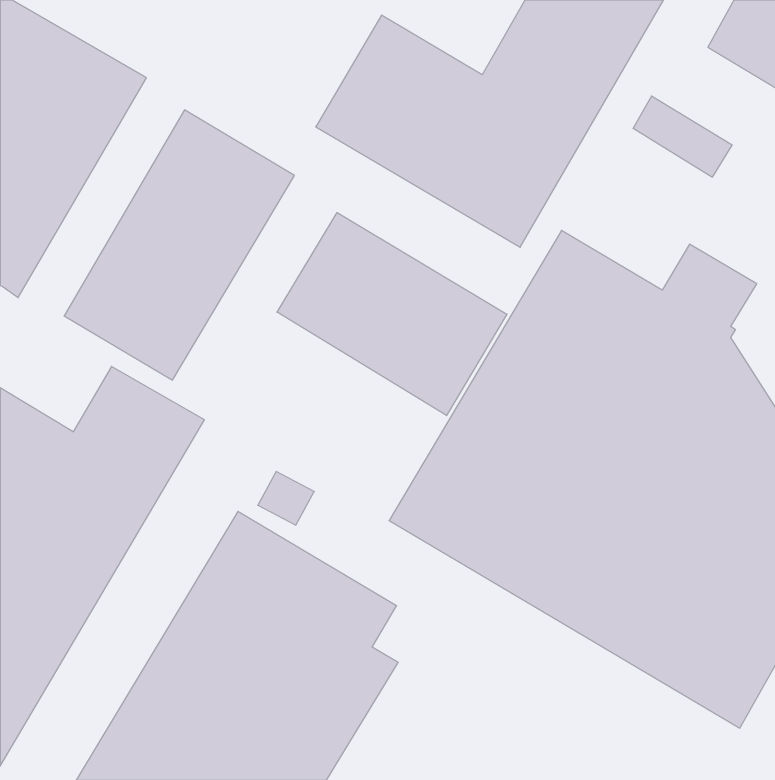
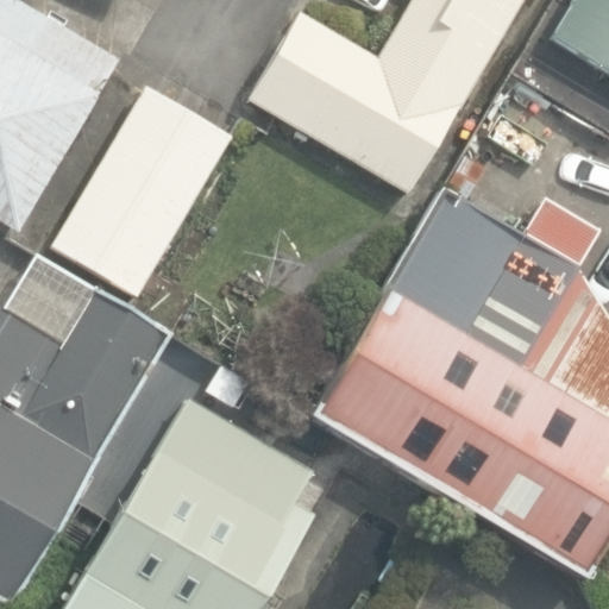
building: [277,213,507,416] -> none

